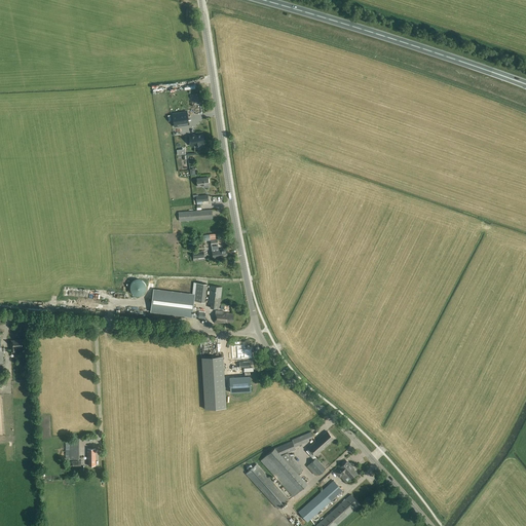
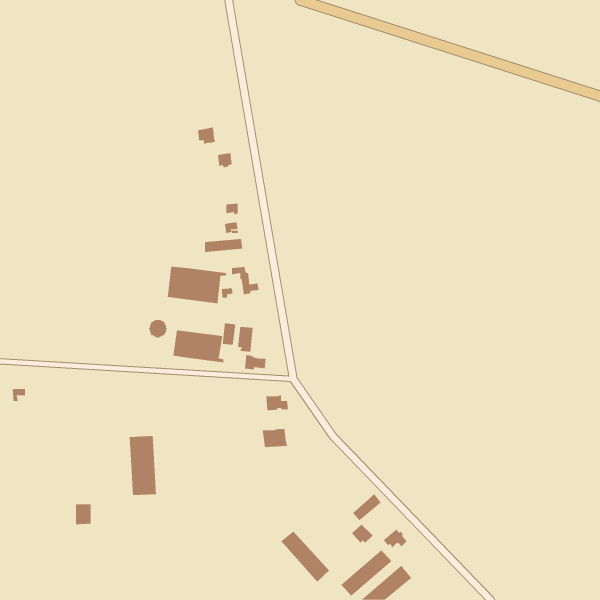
building: none -> [167,266,227,304]
building: [201,356,226,409] -> [129,436,157,496]
building: [260,433,312,497] -> none

